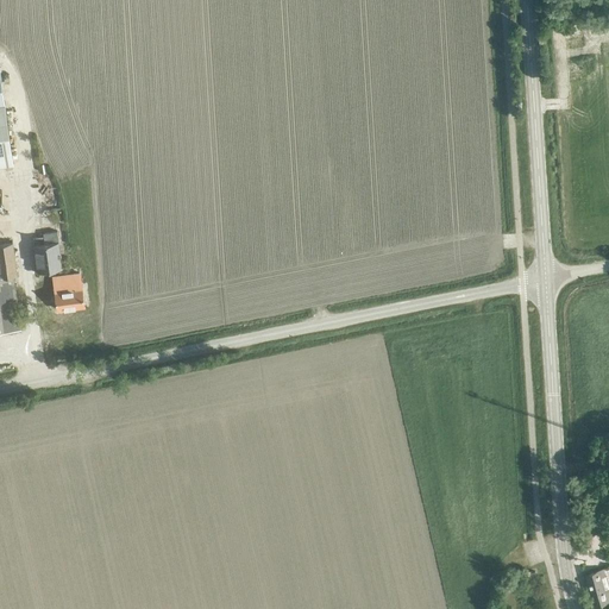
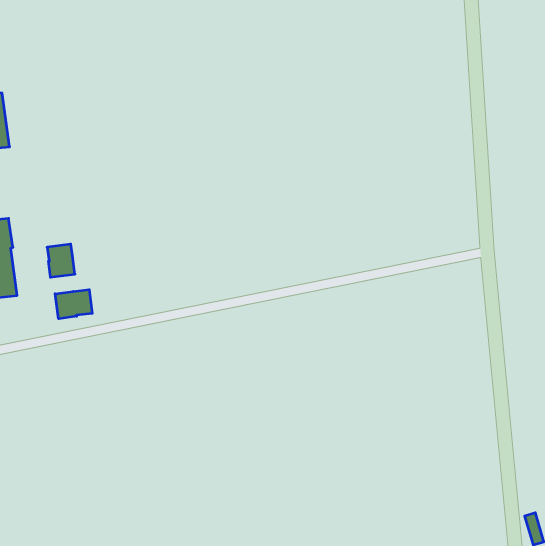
building: [31,232,59,272] -> none
building: none -> [55,290,92,319]

